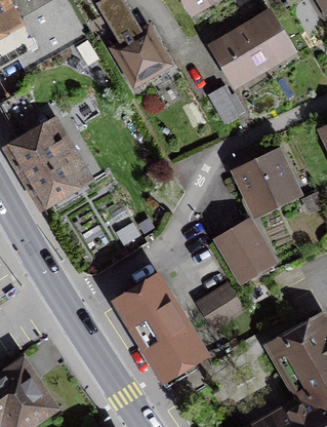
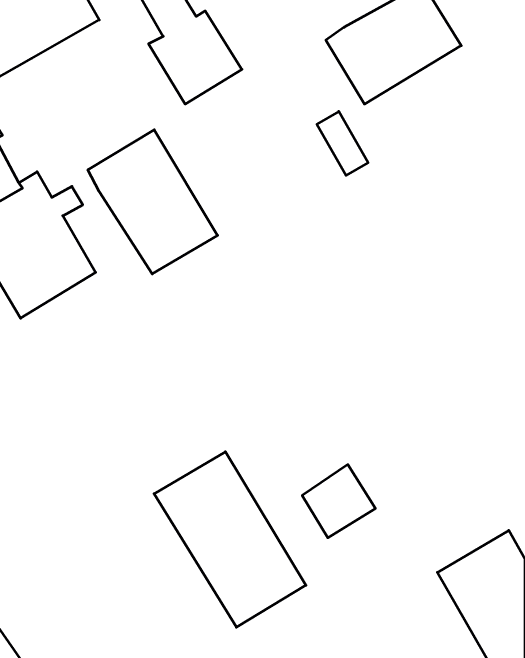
building: none -> [88,130,218,274]
building: [241,154,293,206] -> none
building: [218,221,274,280] -> none

